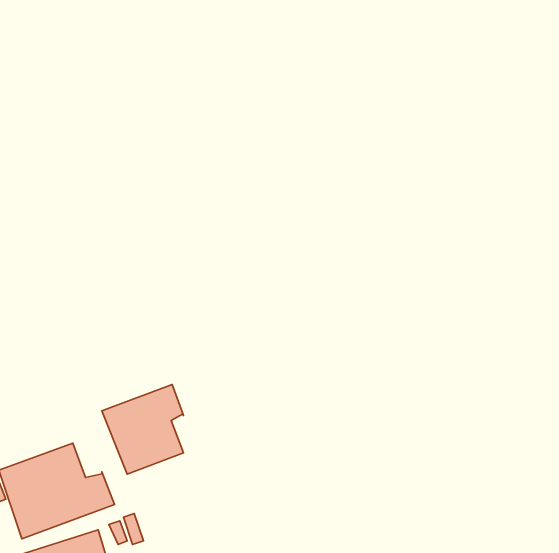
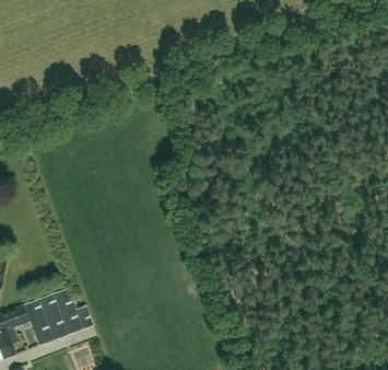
building: [102,385,183,474] -> none

